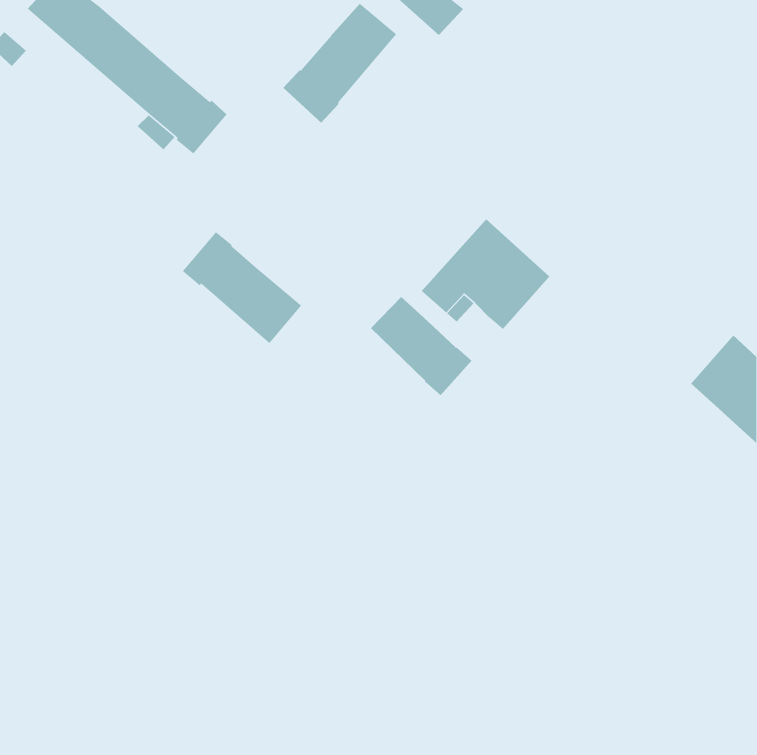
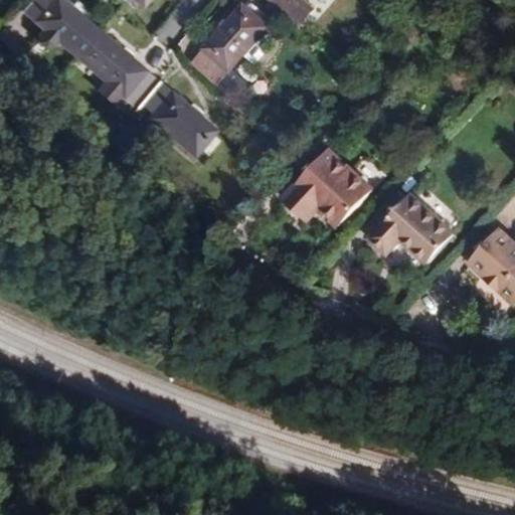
building: [182,231,302,344] -> [131,77,212,154]
building: none -> [369,191,454,262]
building: [370,296,472,396] -> none

